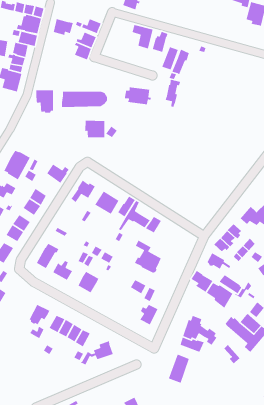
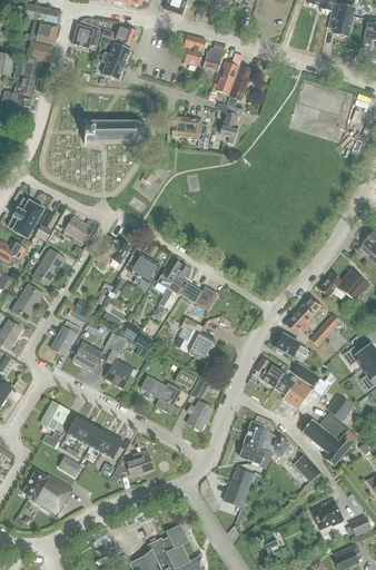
building: [35,89,54,114] -> none
building: [84,120,105,138] -> none
building: none -> [139,375,181,413]
building: none -> [22,470,72,515]
building: none -> [310,499,343,529]

